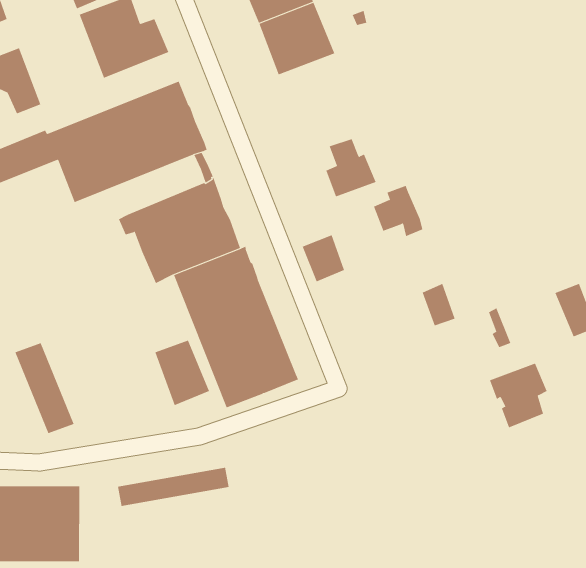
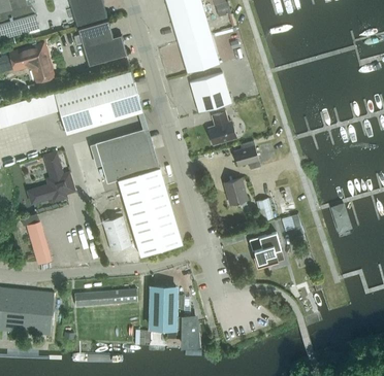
building: none -> [190,73,231,113]
building: [302,235,345,282] -> [224,178,247,204]
building: none -> [28,153,74,204]
building: [489,363,547,428] -> [249,233,281,268]
building: none -> [151,286,197,345]

